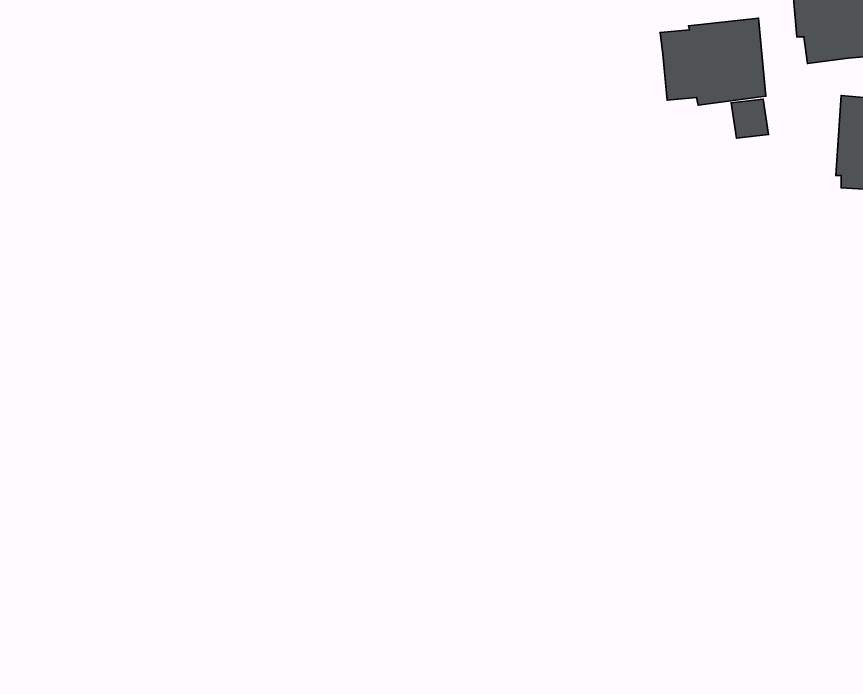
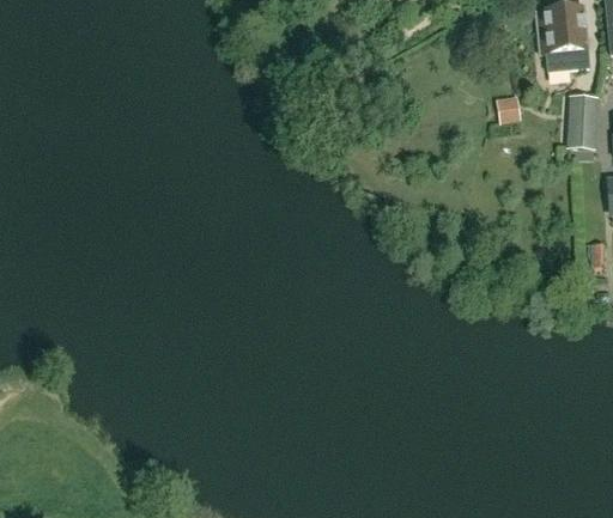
building: [660,18,766,105] -> none

